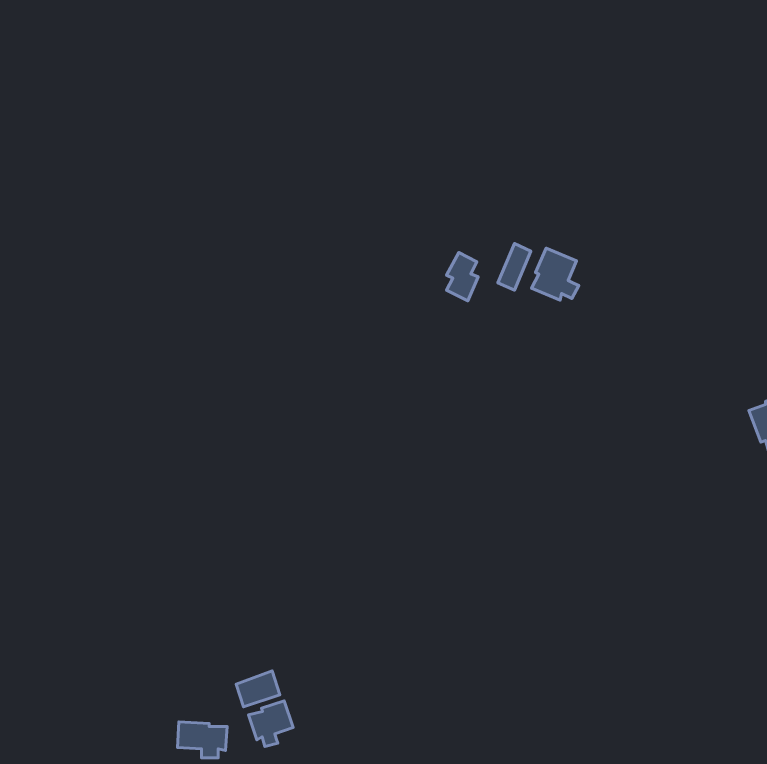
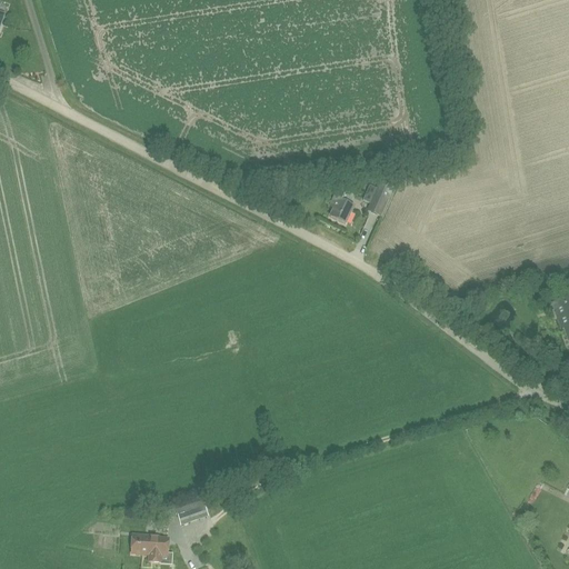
building: [531,248,579,300] -> none
building: [248,701,293,746] -> none

